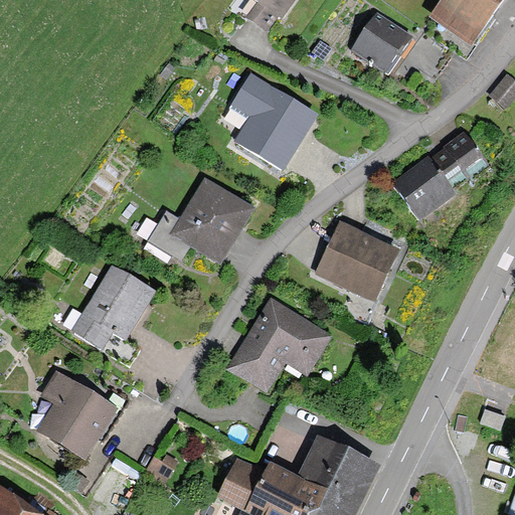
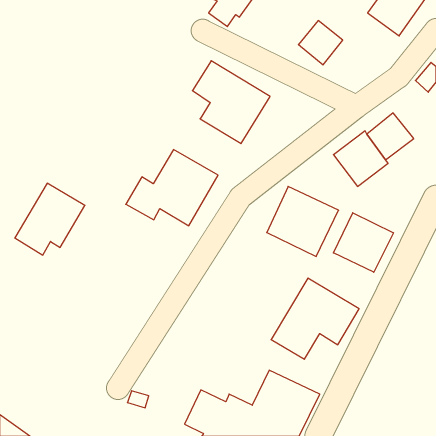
building: none -> [333,213,393,272]
building: [71,264,154,348] -> [15,183,85,255]
building: [227,299,331,394] -> [271,278,359,359]
building: [34,366,119,460] -> none

